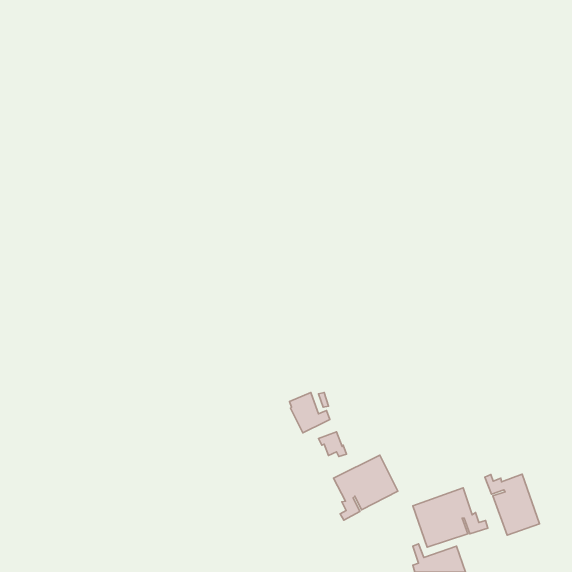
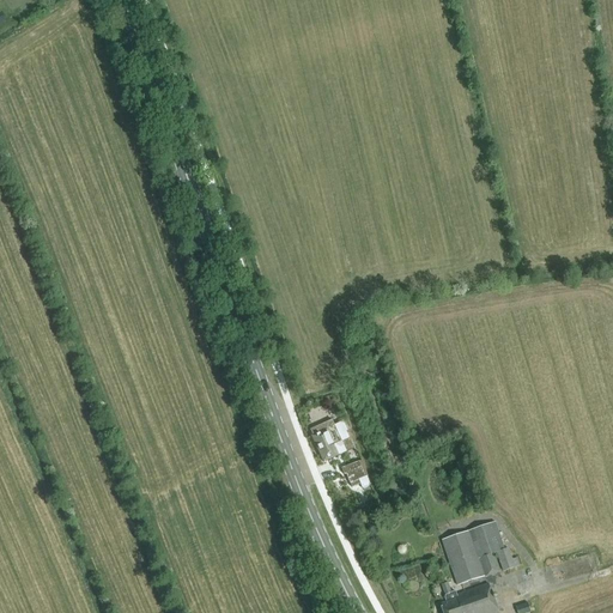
building: [334,455,398,520] -> none
building: [485,474,539,535] -> none

